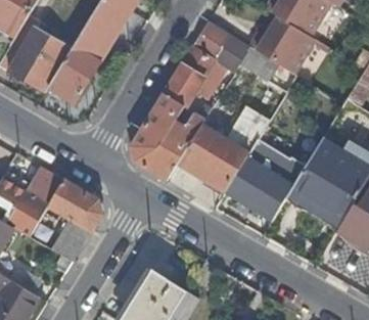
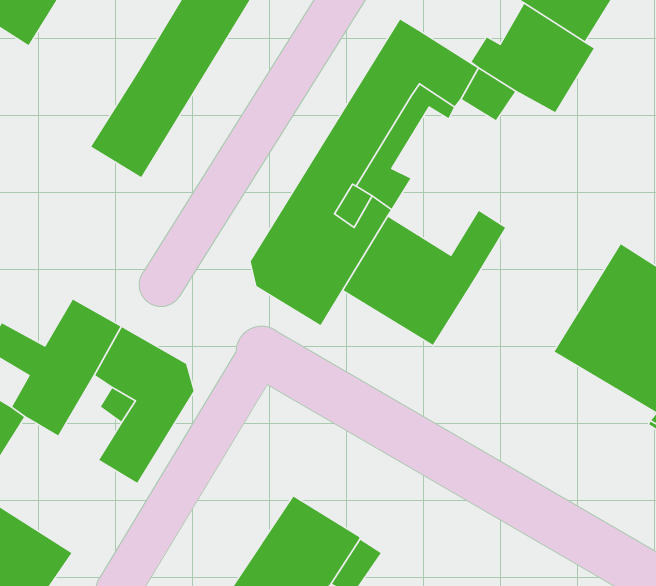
building: [6,26,73,93] -> none
building: [226,155,305,212] -> none

